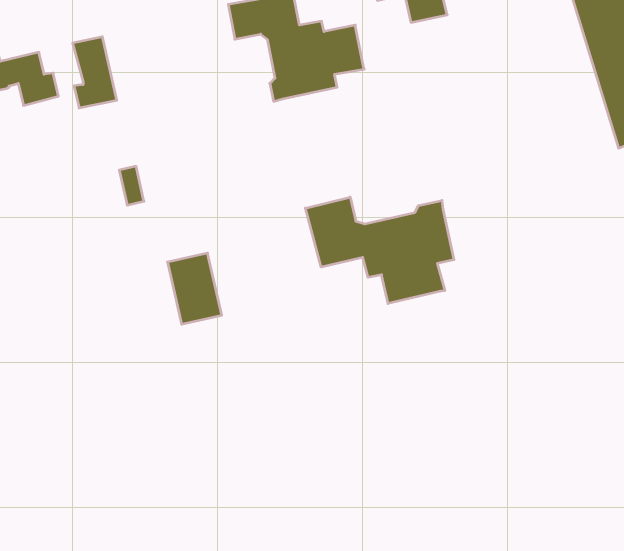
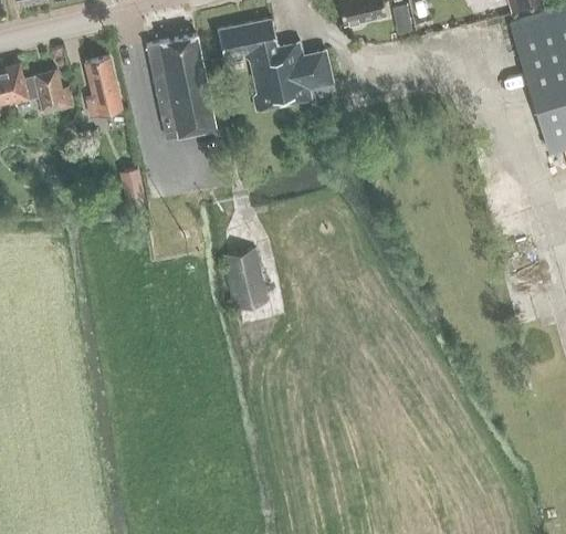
building: none -> [146,34,214,138]
building: [305,197,454,304] -> none
building: [167,253,222,324] -> [222,249,269,310]

